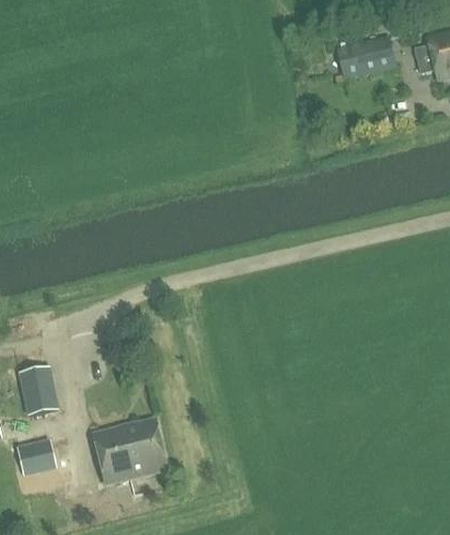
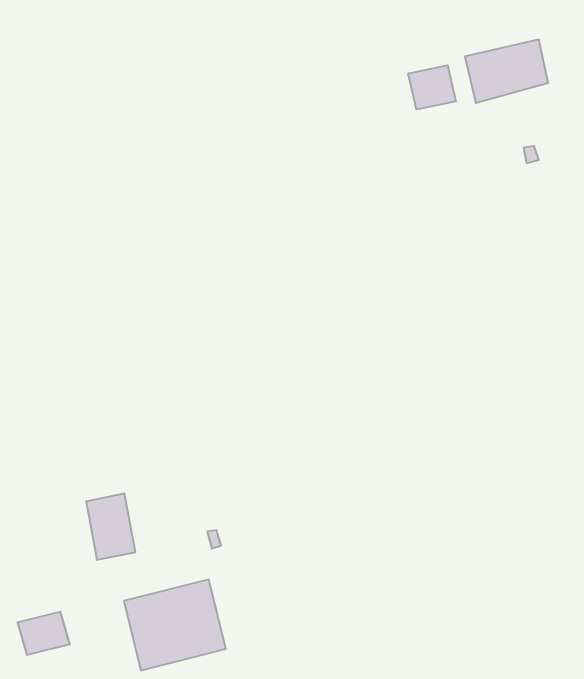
building: none -> [408,65,456,109]
building: [20,367,55,414] -> [86,494,135,560]

